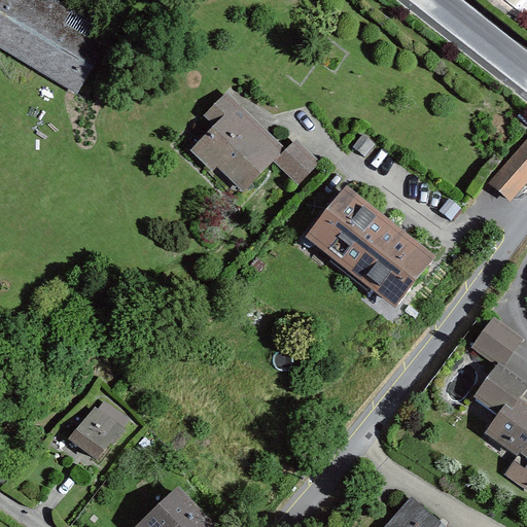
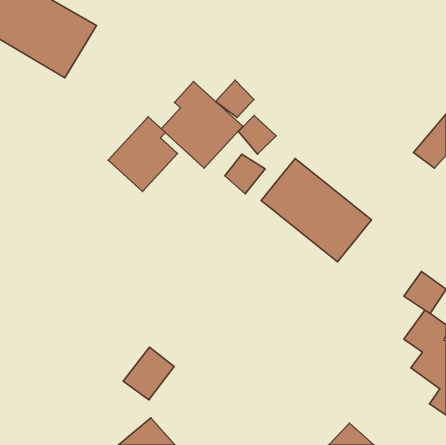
building: none -> [216,80,254,118]
building: none -> [108,117,178,192]
building: none -> [225,154,265,194]
building: [69,397,129,459] -> [123,347,174,400]

